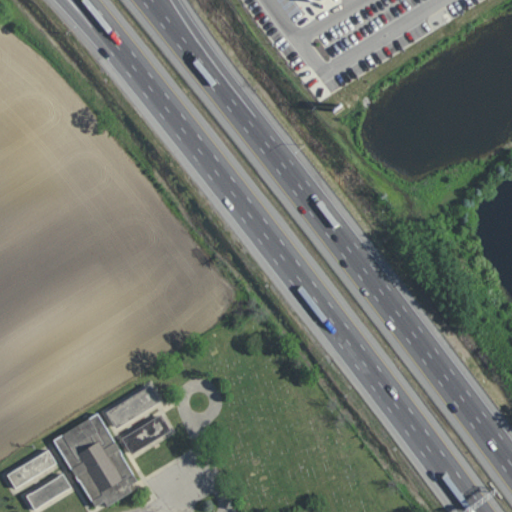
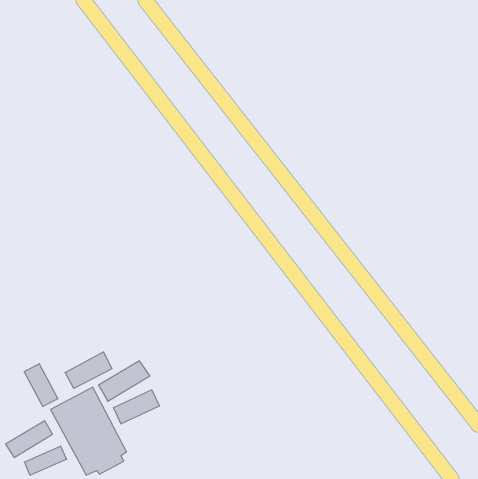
building: none -> [65,352,112,388]
building: none -> [24,364,58,407]

